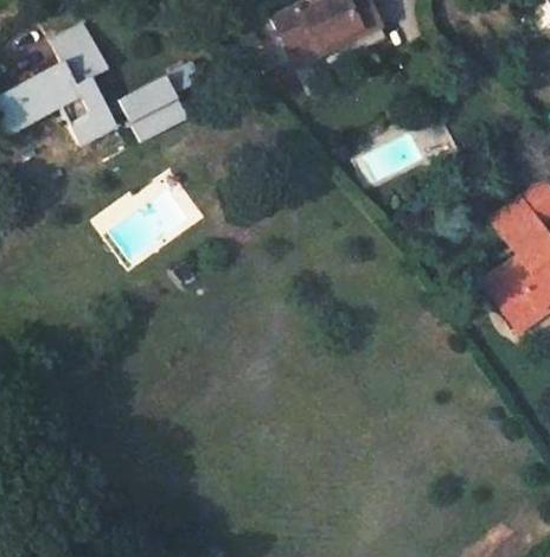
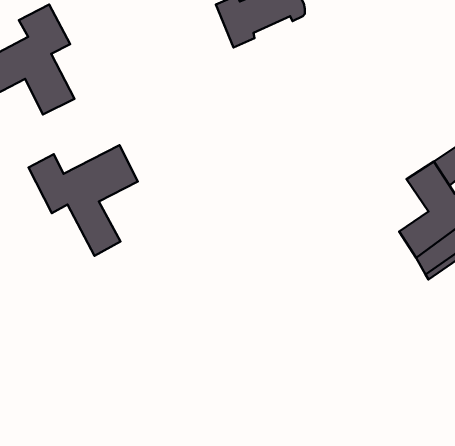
building: [120,78,188,142] -> none
building: none -> [28,145,138,256]

